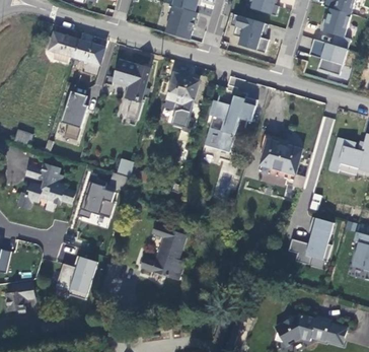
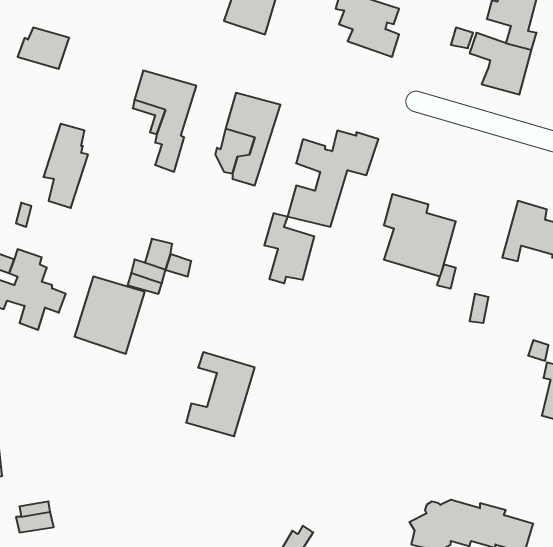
building: [68,41,103,68] -> none
building: none -> [264,213,314,283]
building: [288,217,334,265] -> none
building: [57,255,97,297] -> none

